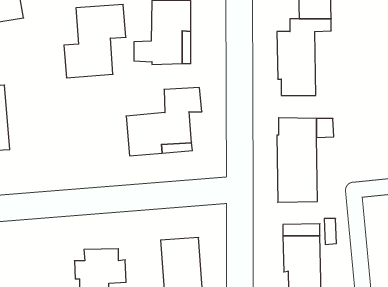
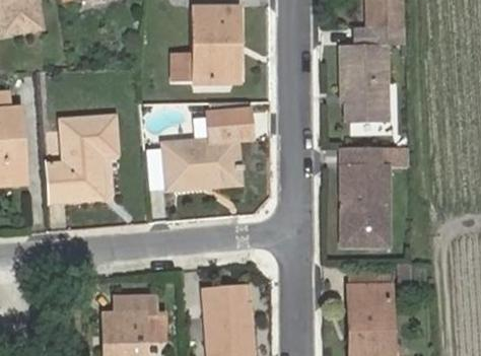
building: [64,5,126,78] -> [46,116,119,202]

